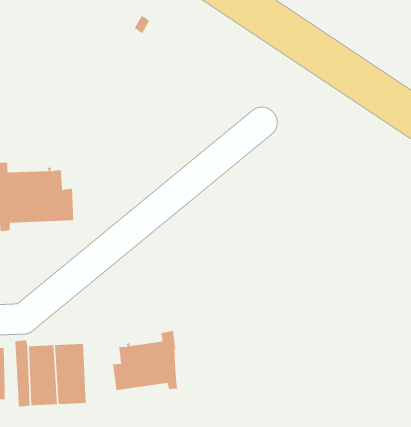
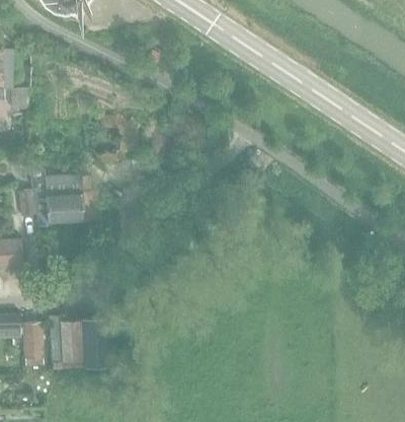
building: [112,330,178,391] -> none

